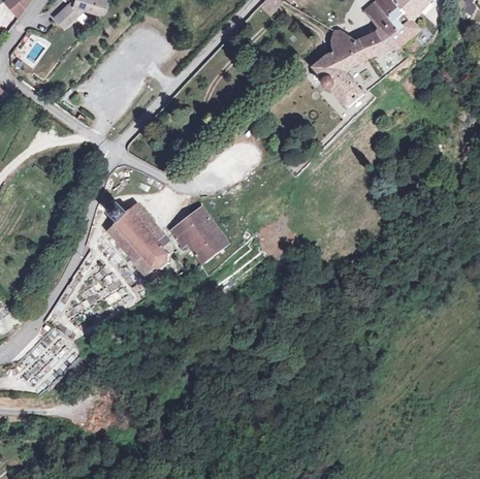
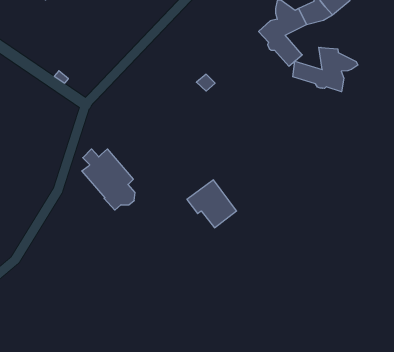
building: none -> [293,47,358,92]
building: [170,205,228,261] -> [187,180,237,228]

